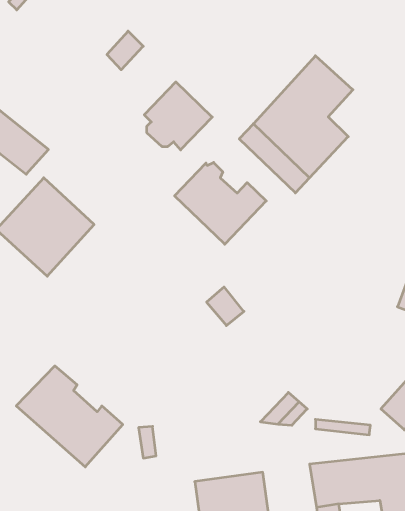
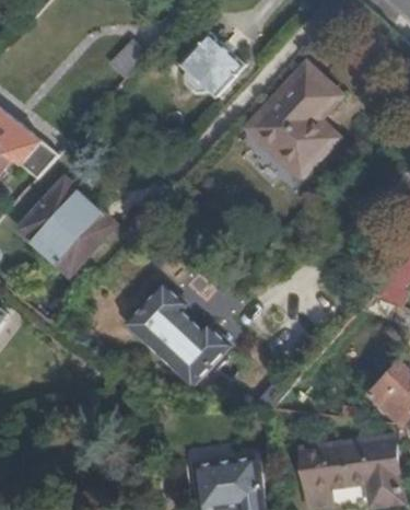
building: [144,82,212,150] -> [181,31,245,94]
building: [175,162,266,244] -> none
building: [16,366,123,467] -> [127,289,226,383]

